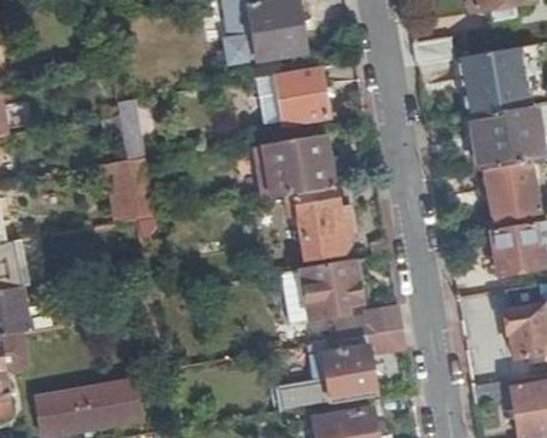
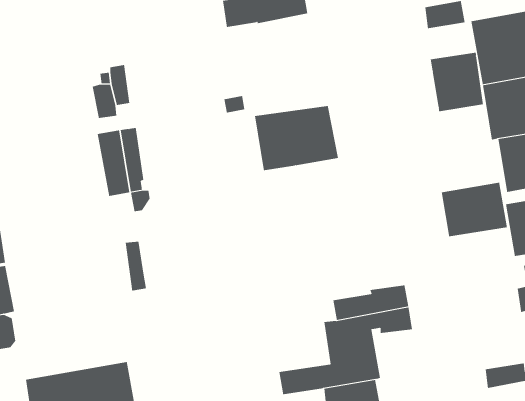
building: [274,66,328,124] -> none
building: none -> [430,52,484,112]
building: [293,186,353,259] -> none
building: none -> [441,182,507,237]
building: [301,261,365,319] -> none

